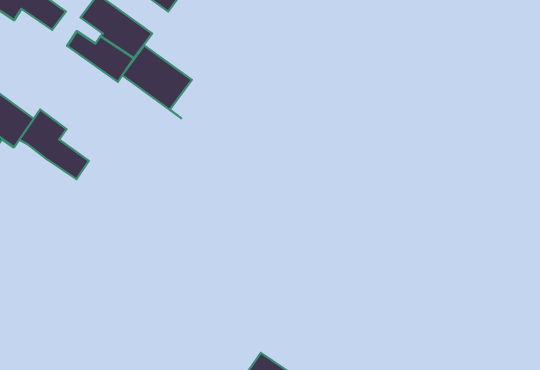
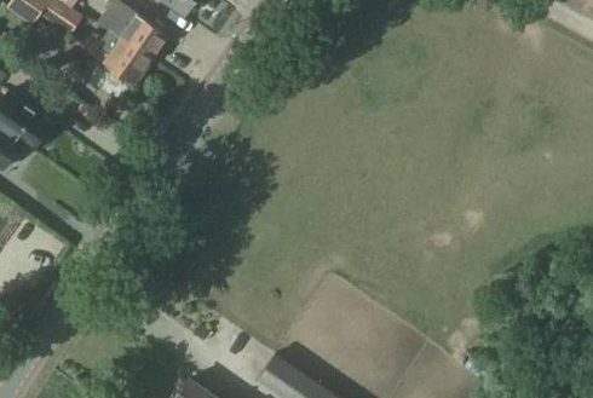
building: [122,46,192,118] -> none
building: [20,109,89,179] -> none

